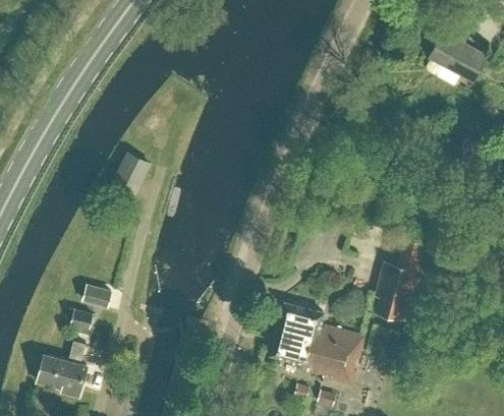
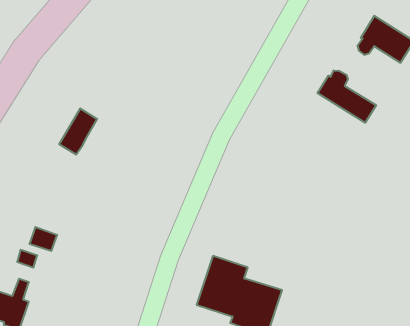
building: none -> [318,70,376,123]
building: [375,264,417,320] -> none

